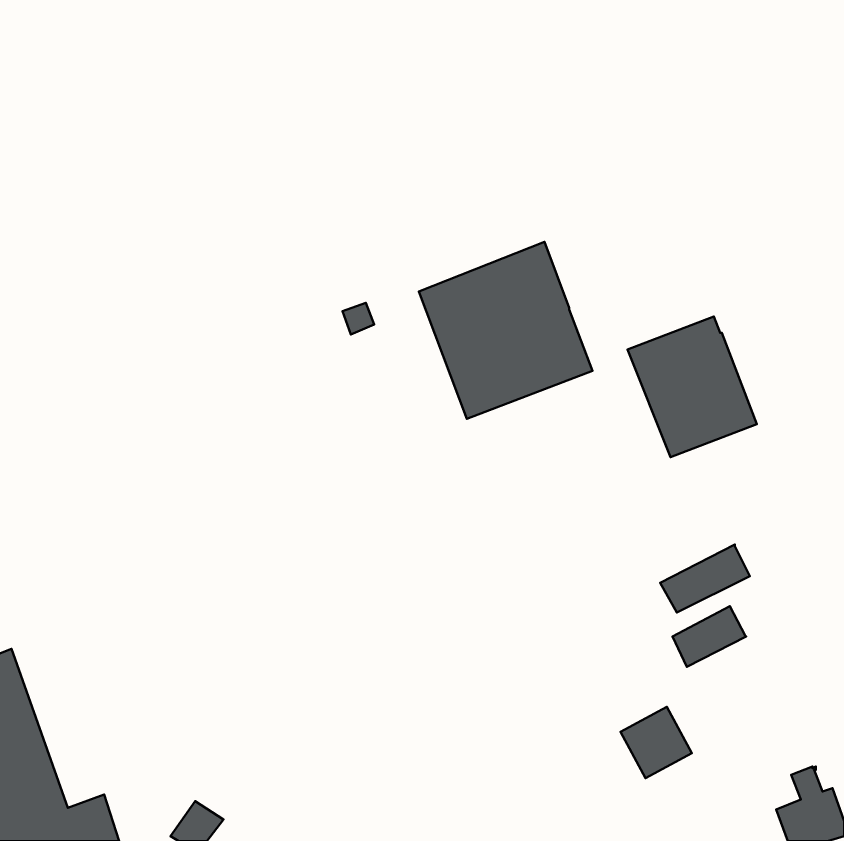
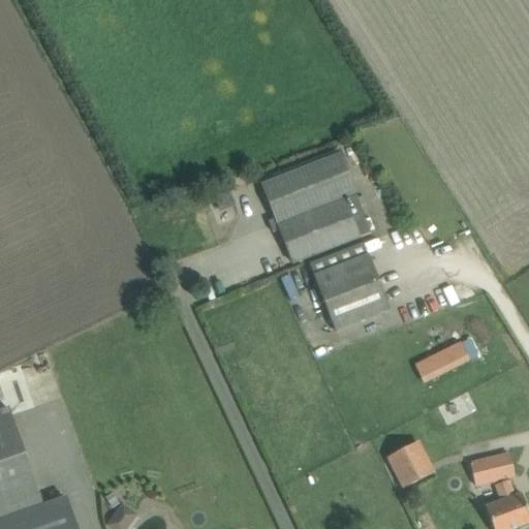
building: [628,316,757,457] -> [308,242,388,330]
building: [672,606,746,667] -> none
building: none -> [468,453,514,487]

